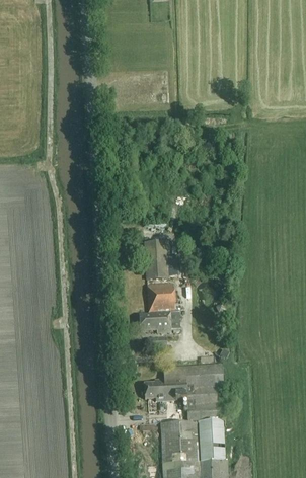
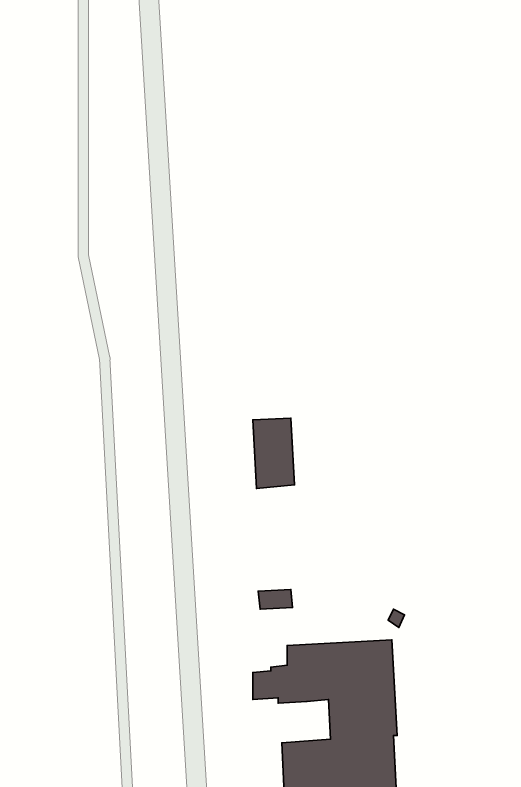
building: [140,282,174,330] -> none

